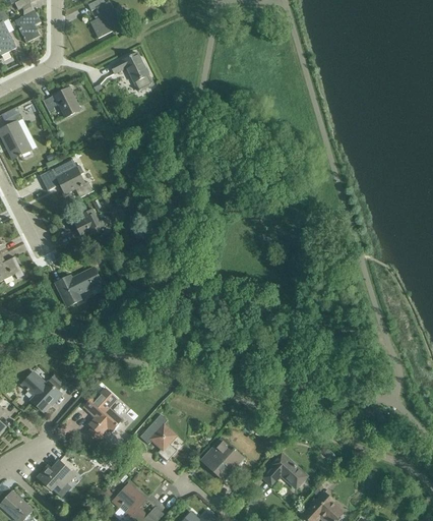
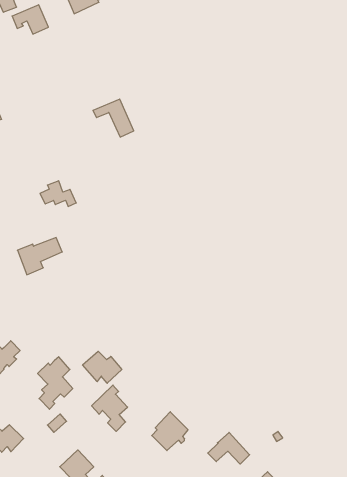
building: [111,53,153,92] -> [93,99,134,137]
building: [43,86,80,117] -> [12,5,48,34]
building: [41,159,95,197] -> none
building: none -> [83,351,122,383]

